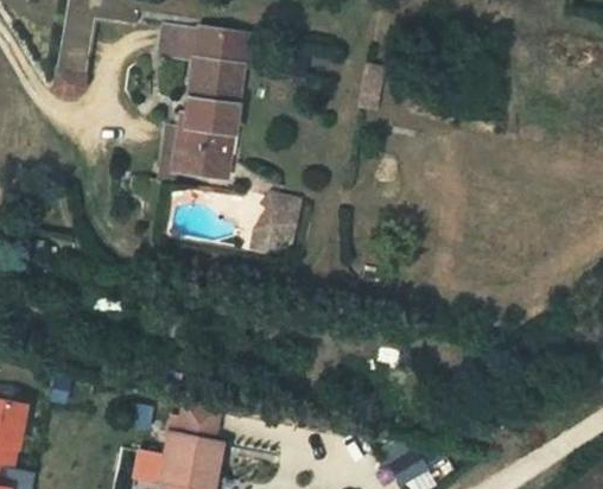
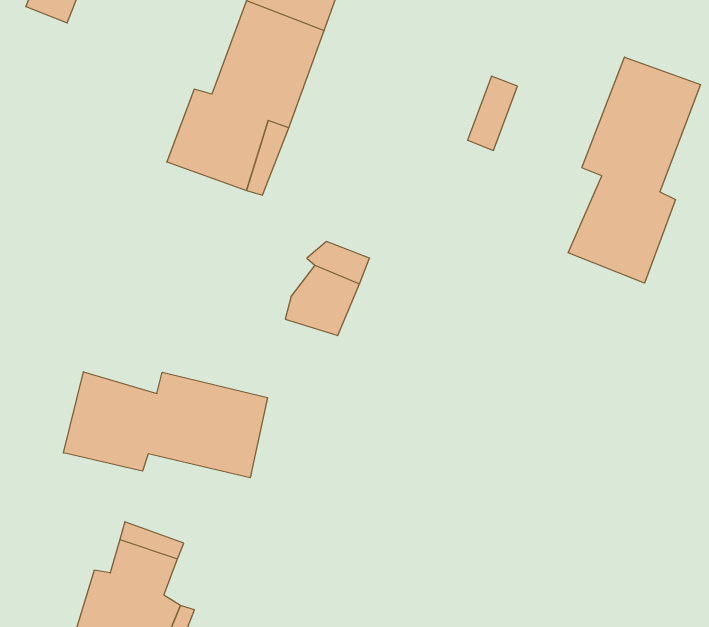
building: none -> [568,57,700,283]
building: none -> [63,372,268,478]

